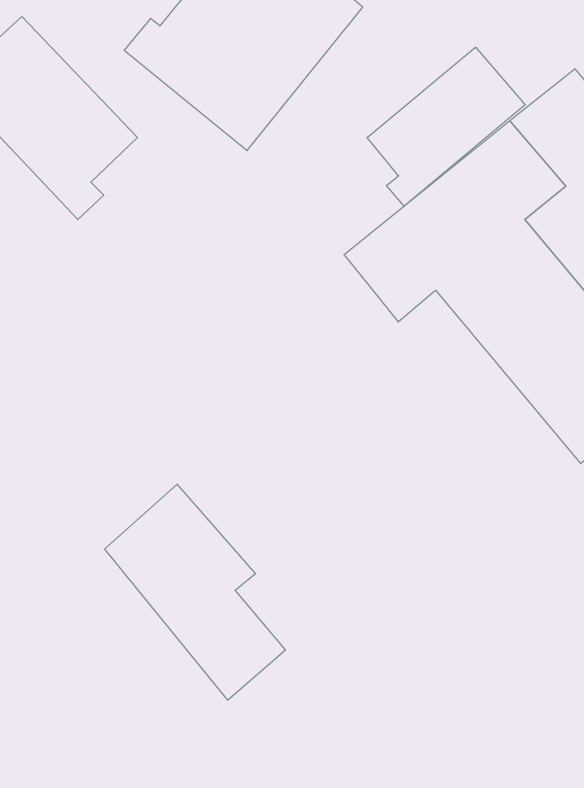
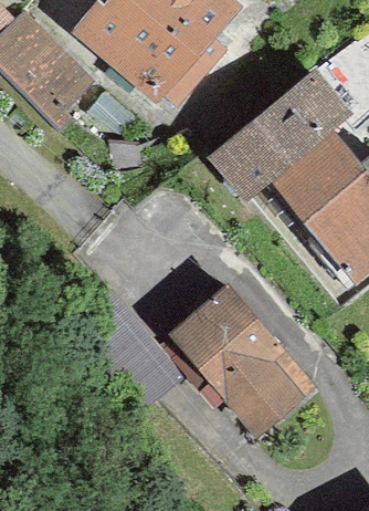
building: [367,47,525,206] -> none
building: [105,484,285,700] -> [179,296,286,425]

